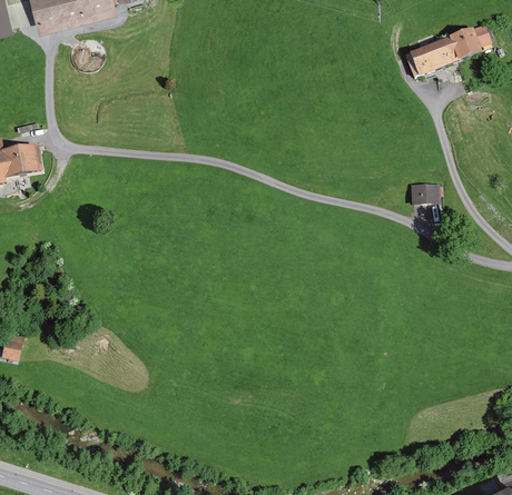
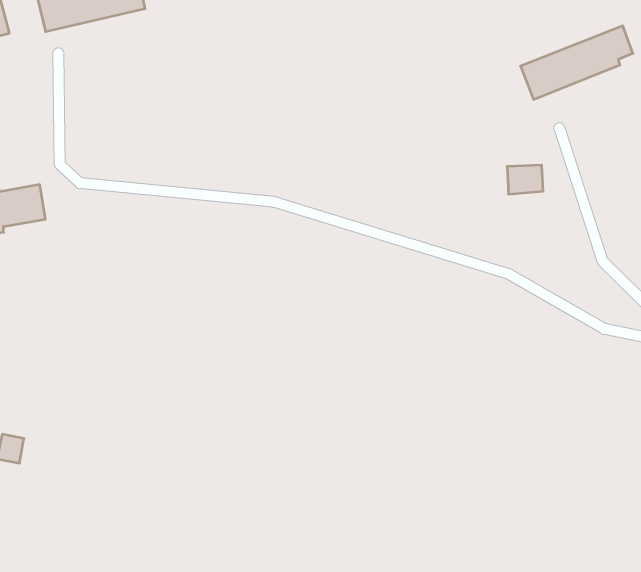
building: [410,181,437,204] -> [507,165,543,194]

